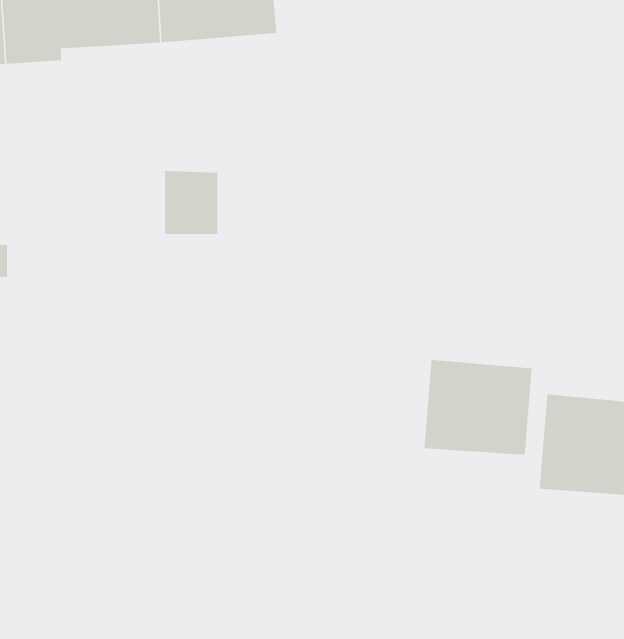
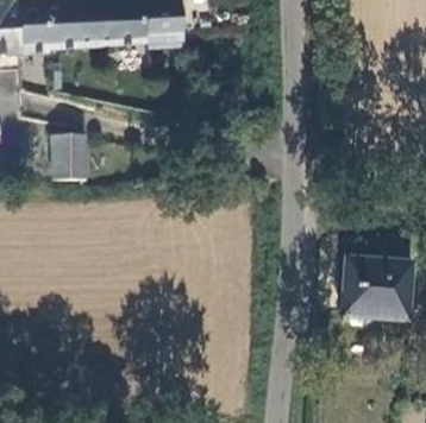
building: [164,171,218,235] -> [52,137,86,176]
building: [424,359,532,456] -> none

